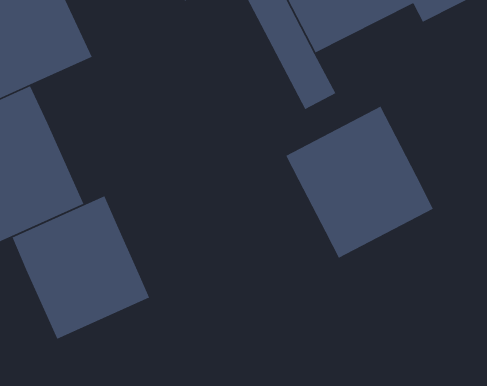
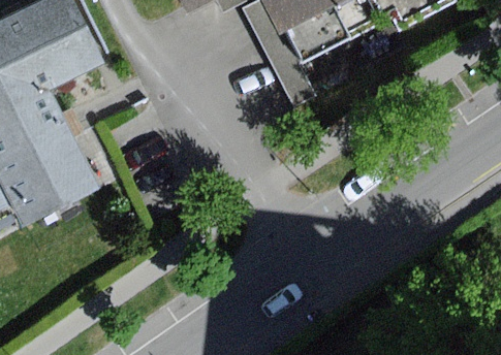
building: [285,106,434,259] -> none
building: [11,195,150,340] -> none

